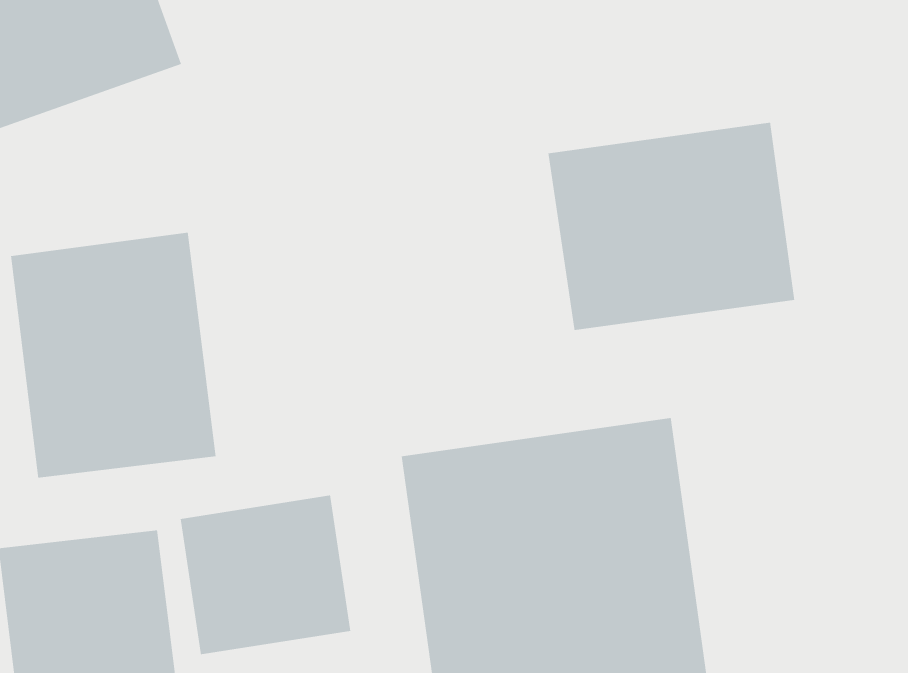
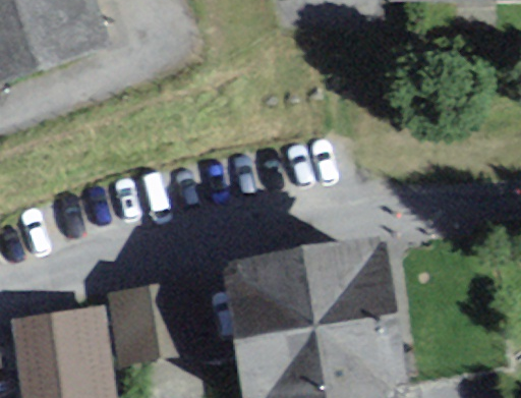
building: [548,122,795,331] -> none
building: [10,232,216,479] -> none

